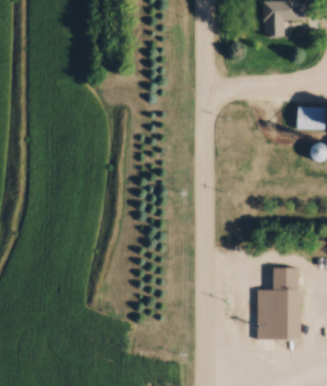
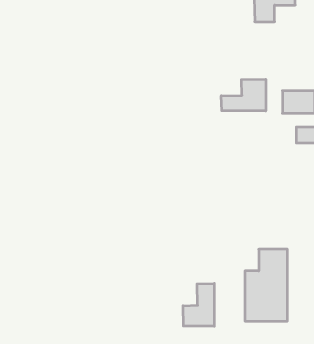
building: none -> [221,79,266,111]
building: none -> [183,283,214,326]

